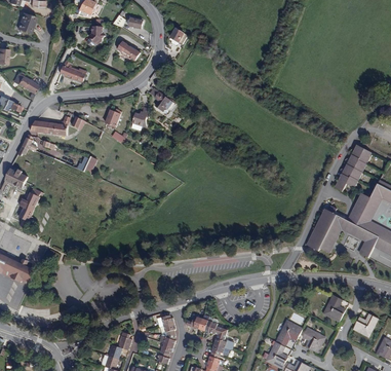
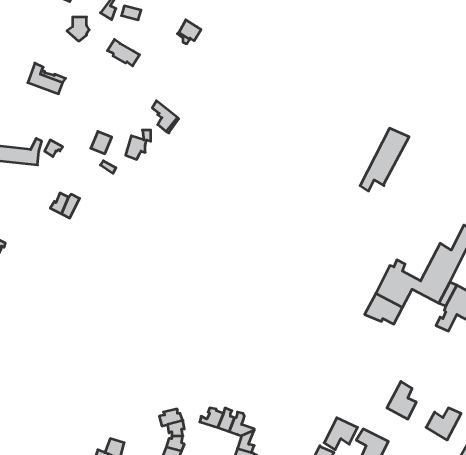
building: [336,145,372,191] -> [360,128,409,191]

